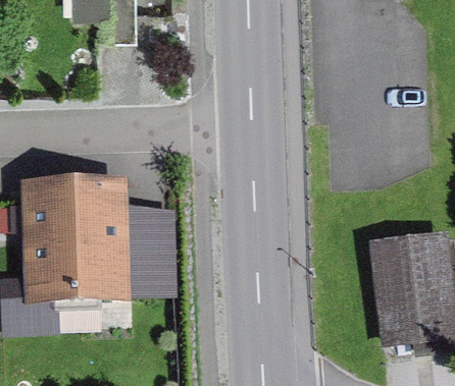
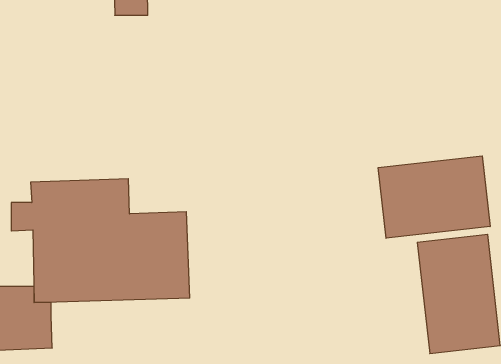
building: none -> [378,156,490,238]

